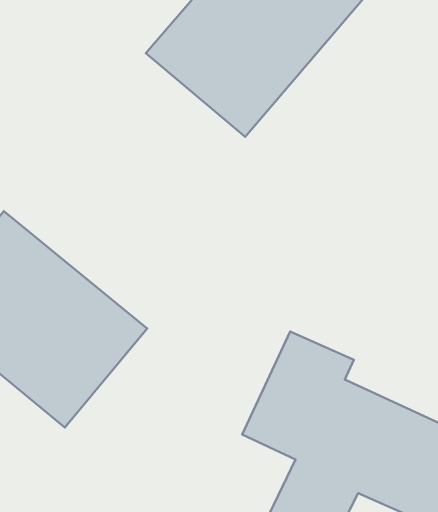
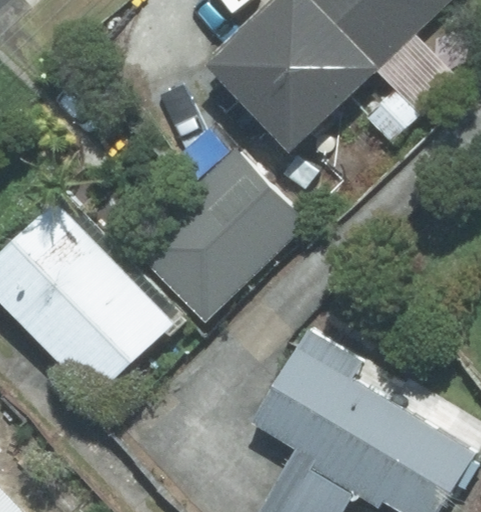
building: none -> [132,149,306,321]

